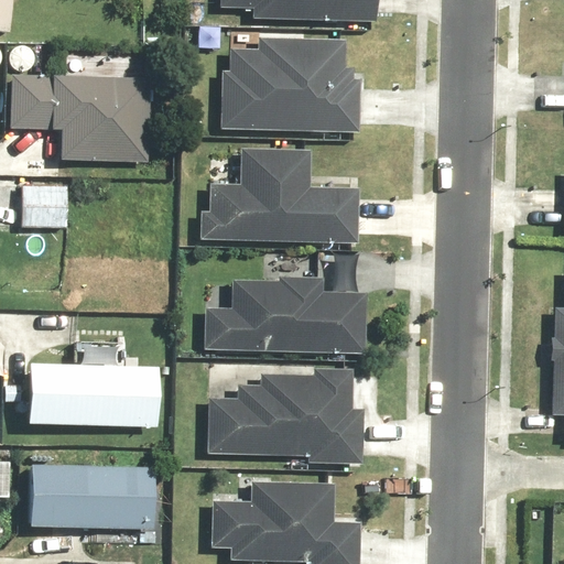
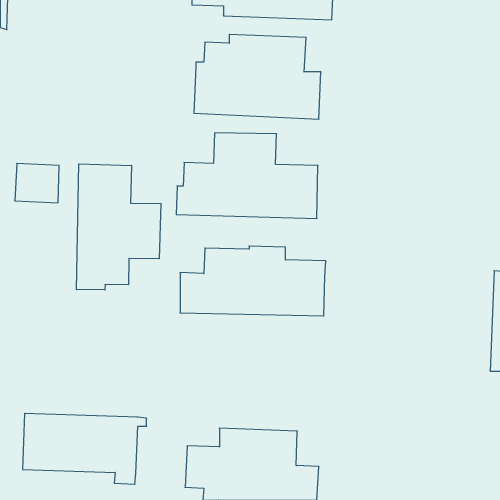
building: [11,53,155,163] -> none
building: none -> [77,164,161,290]
building: [25,328,161,429] -> none
building: [207,367,364,465] -> none

